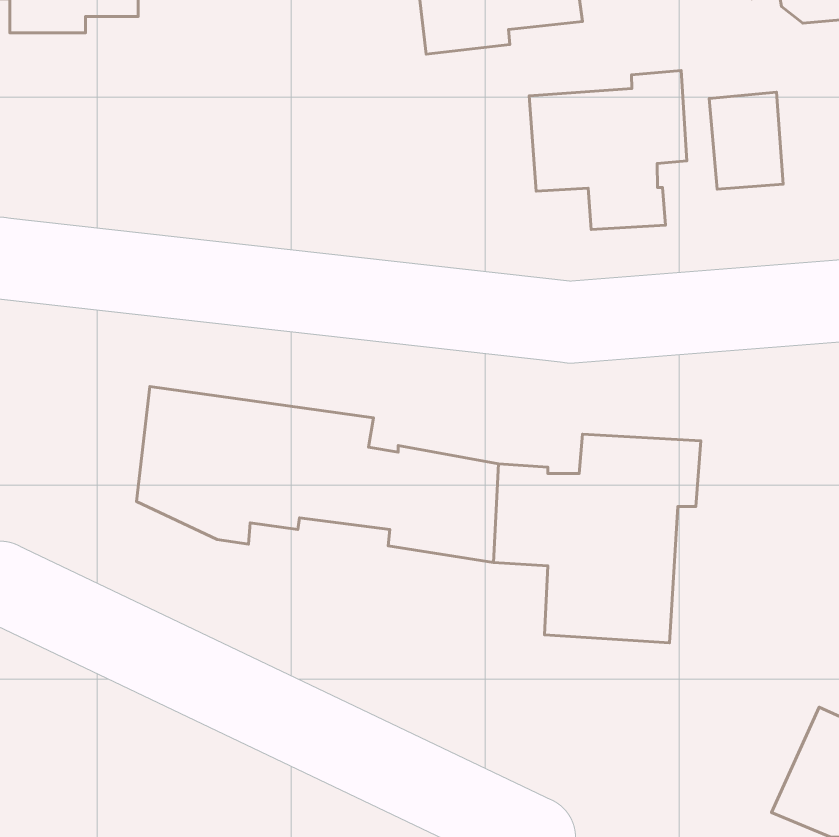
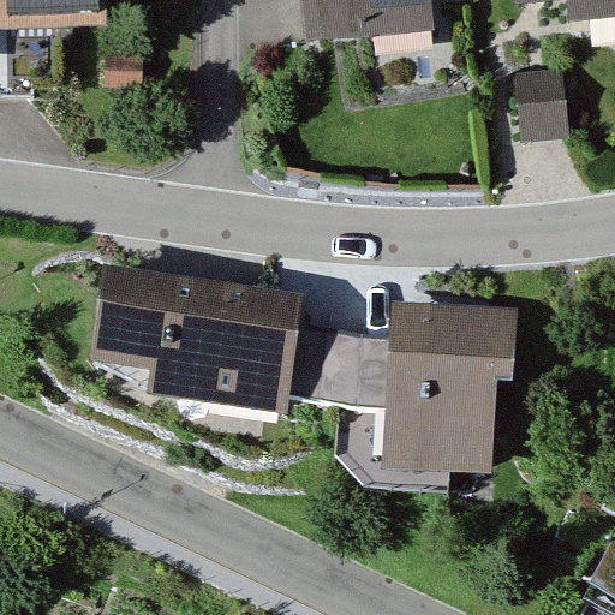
building: [529,71,687,229] -> none

